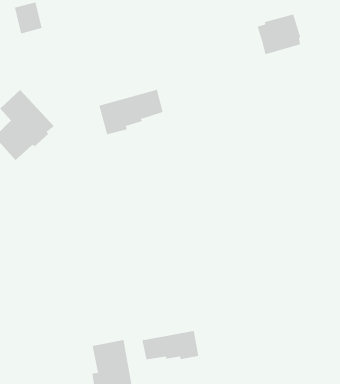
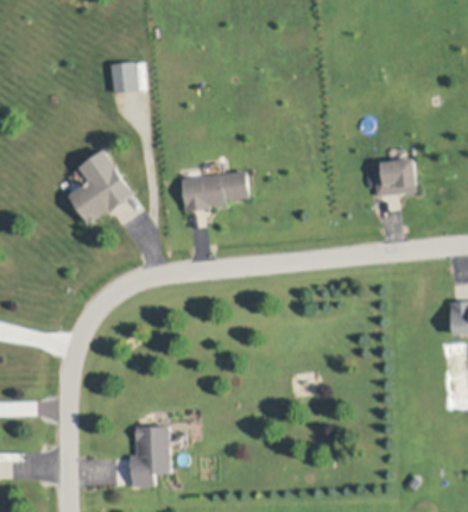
building: [257,14,301,55] -> [372,158,416,196]
building: [142,330,199,360] -> none

